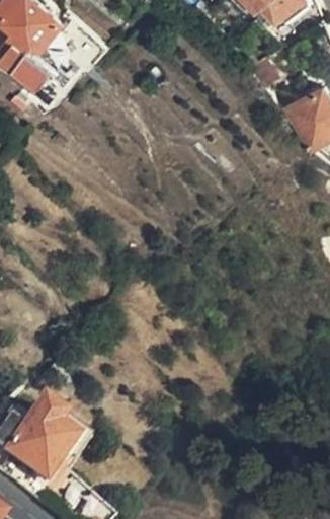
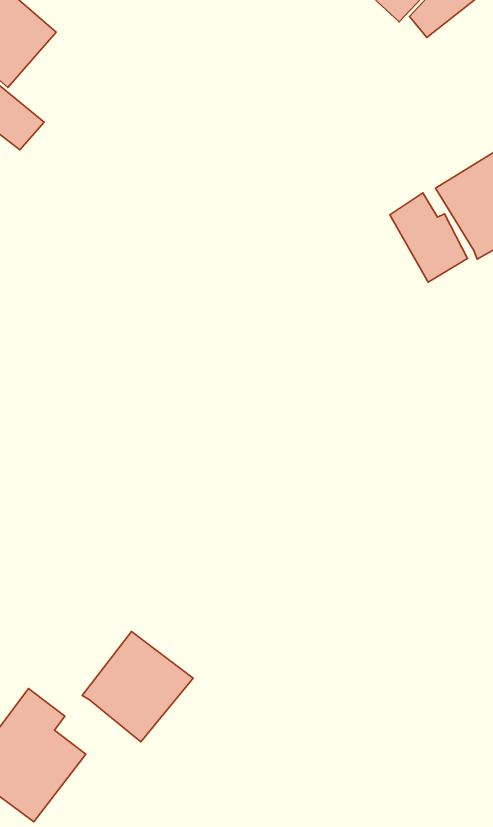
building: none -> [390,193,467,282]
building: none -> [82,632,193,742]

